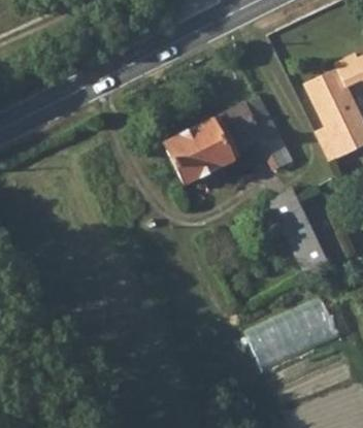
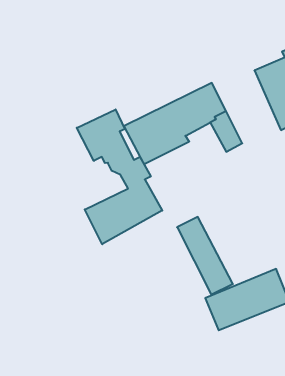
building: none -> [77,109,162,244]
building: [271,190,332,274] -> [177,217,233,294]

